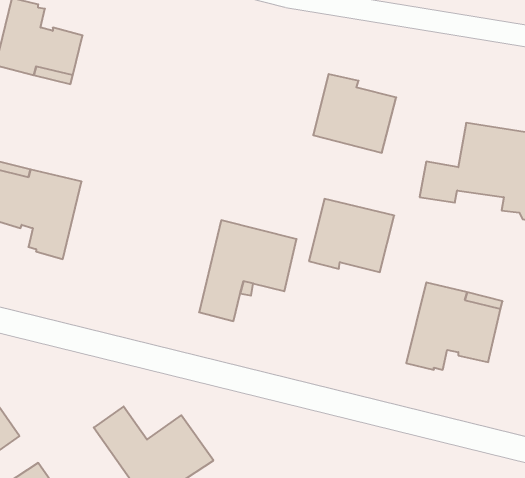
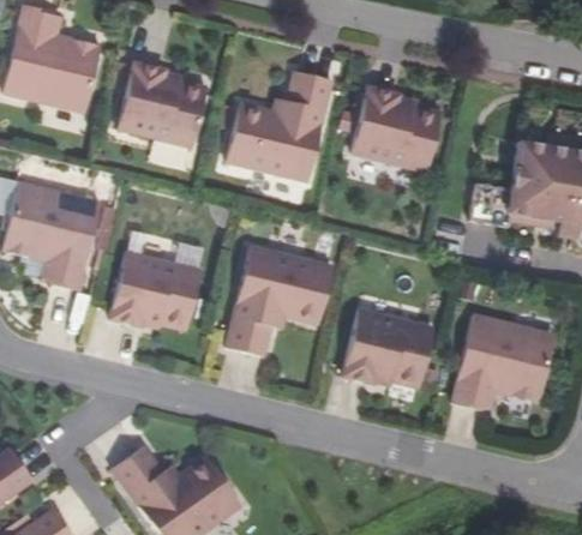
building: none -> [118,42,212,149]
building: none -> [226,72,332,184]
building: [309,199,394,272] -> [343,307,436,386]
building: none -> [110,252,202,330]

